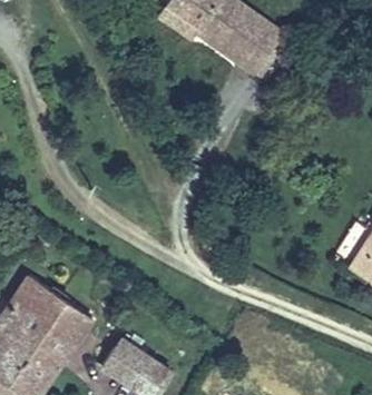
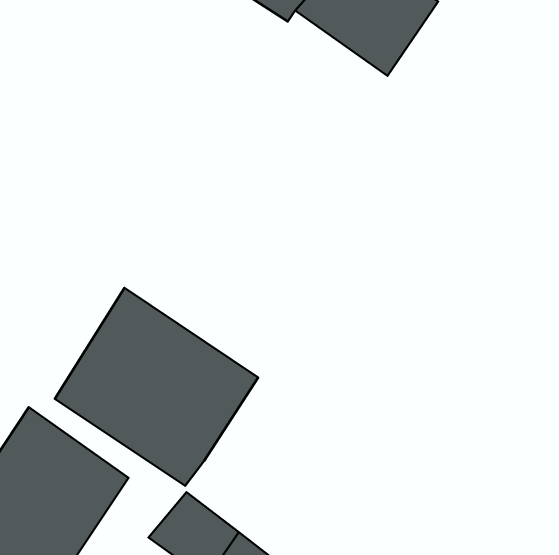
building: none -> [55,288,258,486]

